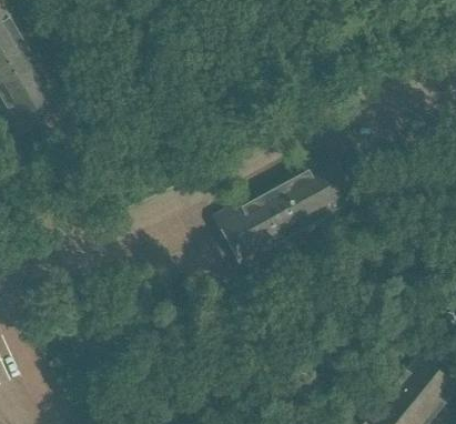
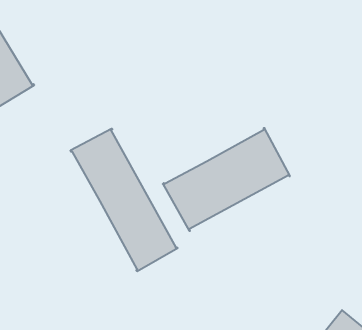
building: none -> [71,129,178,271]

